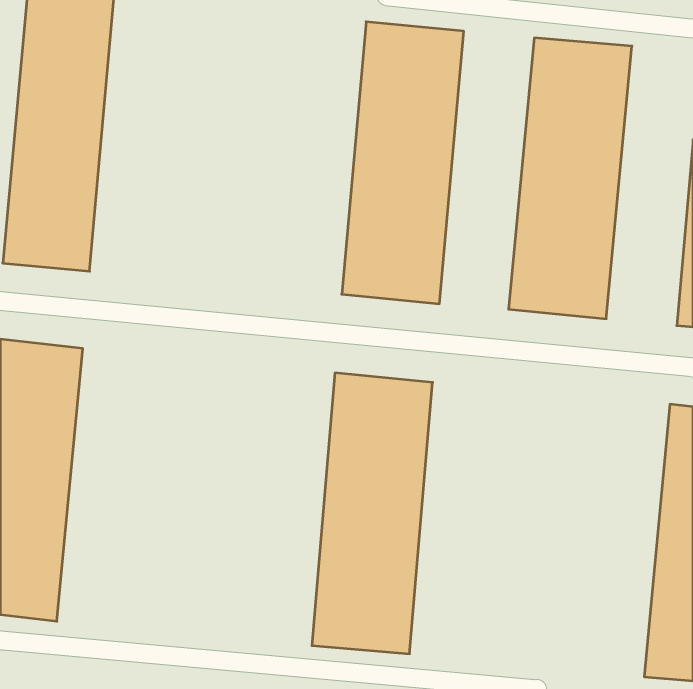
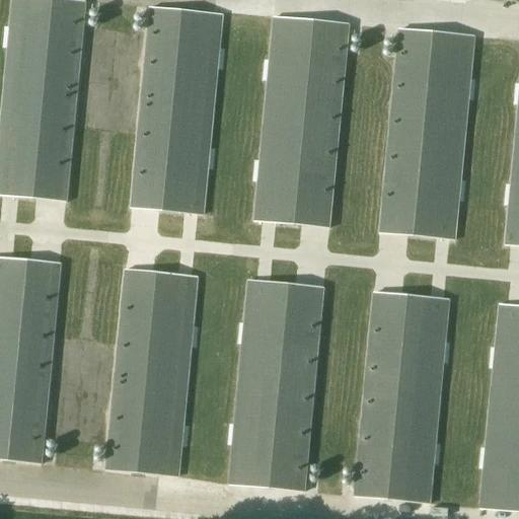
building: none -> [131,5,215,215]
building: none -> [107,267,191,476]
building: none -> [355,290,448,501]

